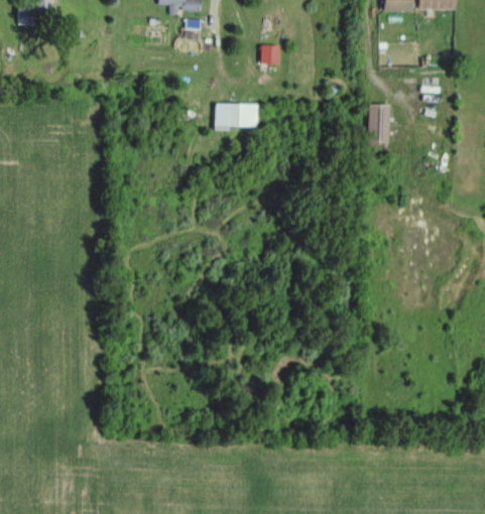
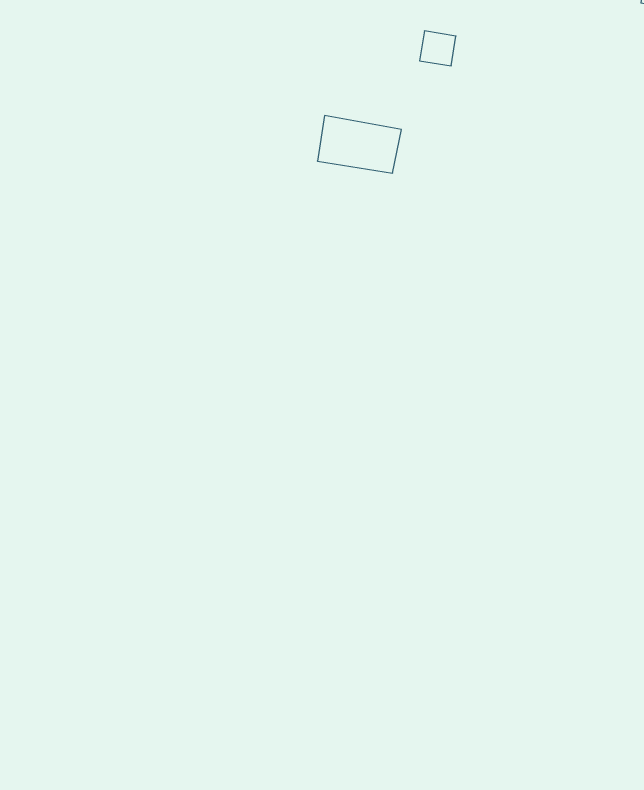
building: [366,104,388,143] -> none

